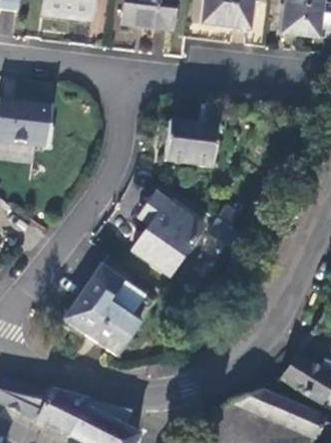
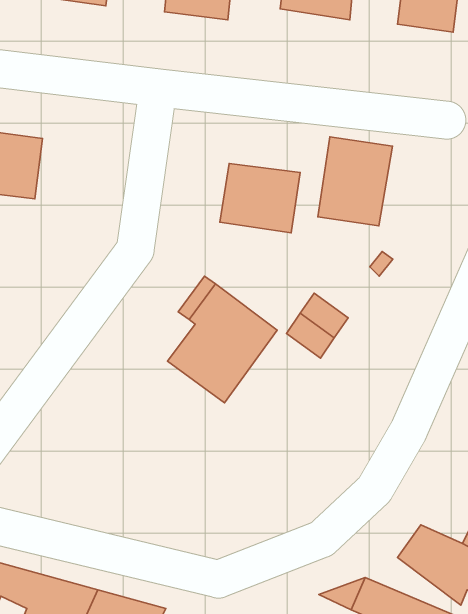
building: none -> [318,137,393,226]
building: [66,266,154,355] -> none

